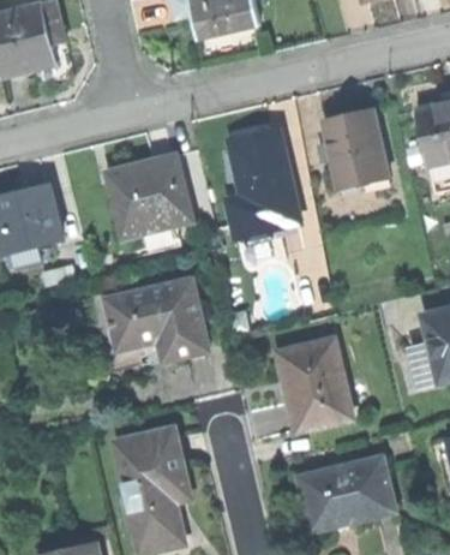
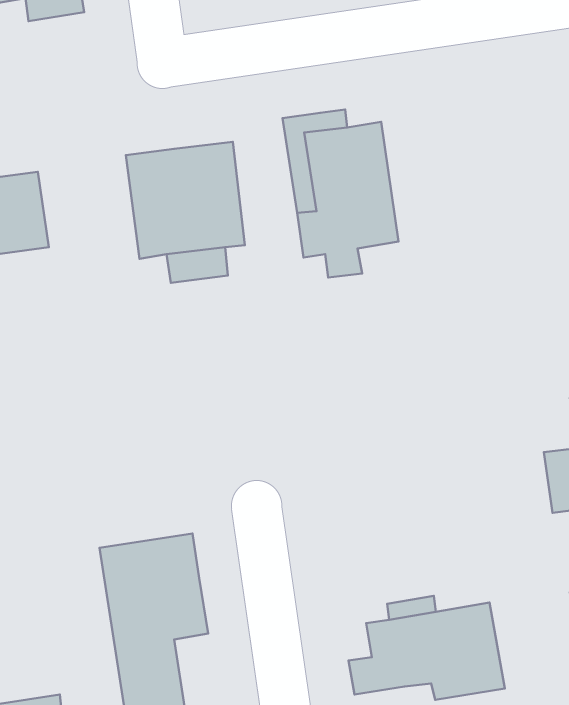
building: [320,109,388,203] -> none
building: [106,281,211,366] -> none
building: [280,335,353,425] -> none

